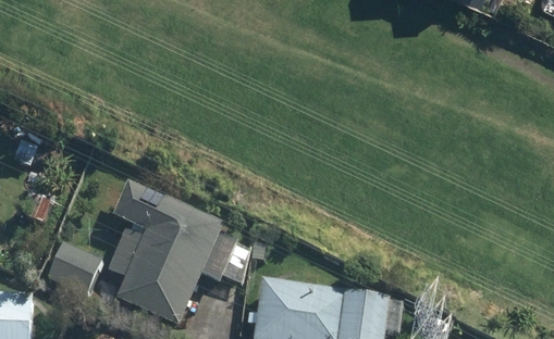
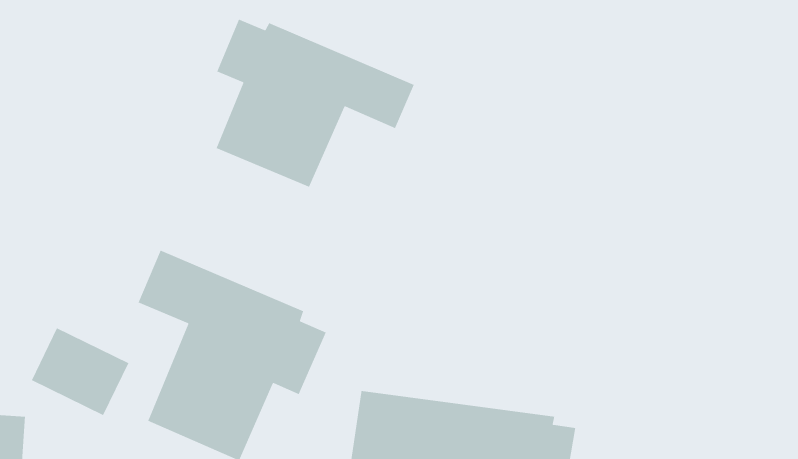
building: none -> [215,18,415,188]

